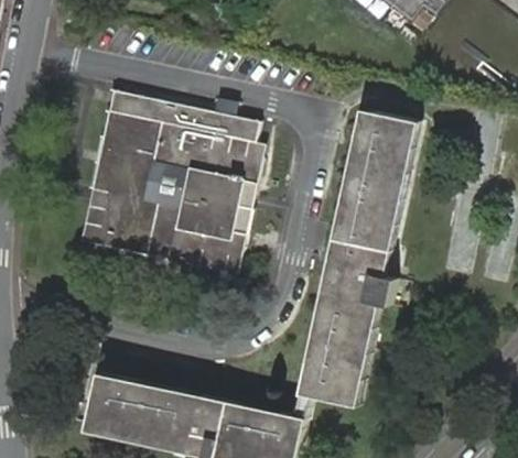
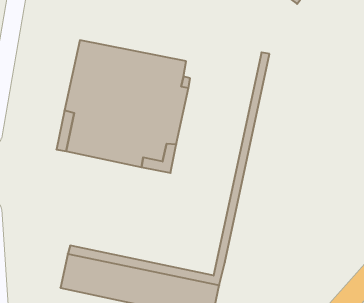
building: [310,112,419,407] -> none

